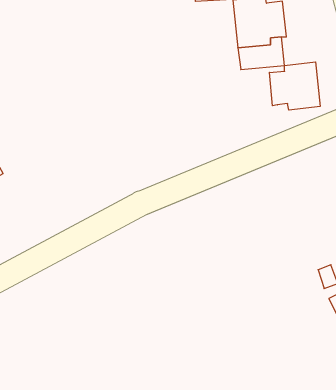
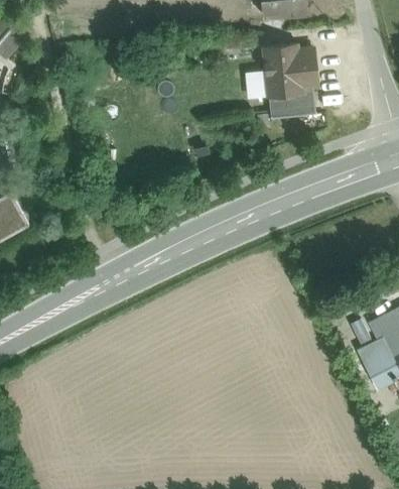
building: [269,62,320,110] -> none

